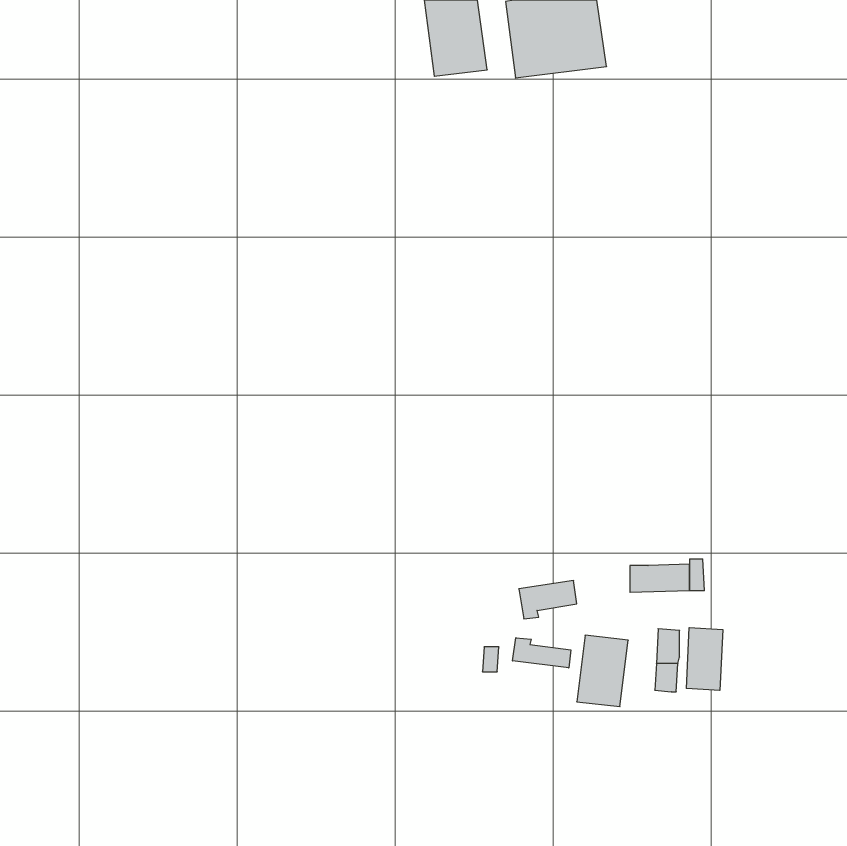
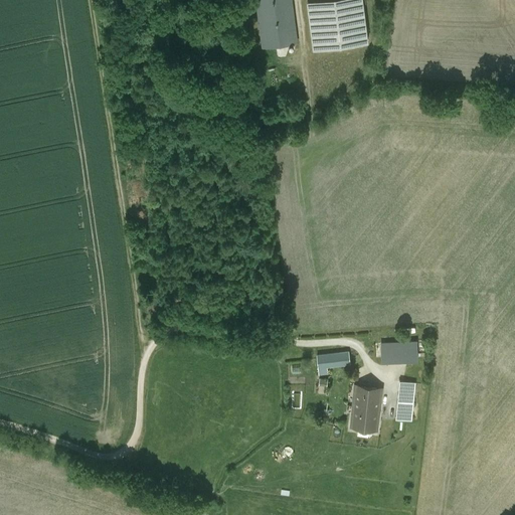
building: [686,628,723,690] -> none
building: [513,638,571,668] -> none

